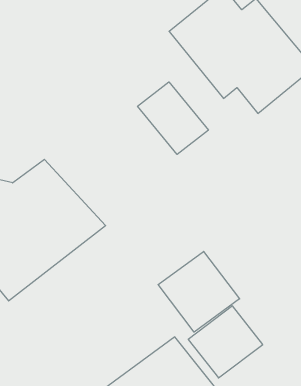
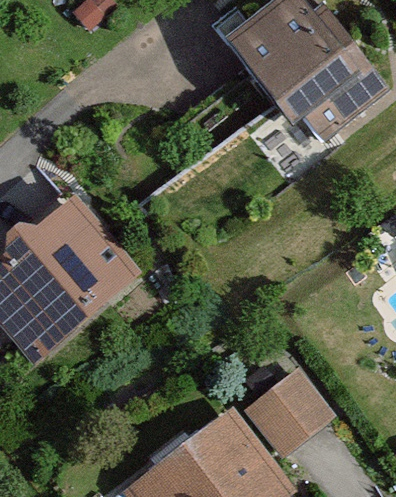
building: [138,82,208,154] -> none
building: [158,251,240,332] -> none

